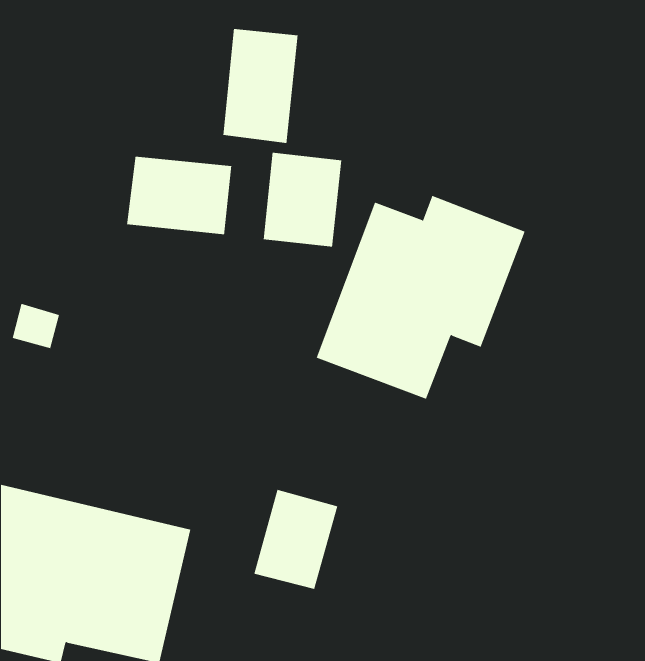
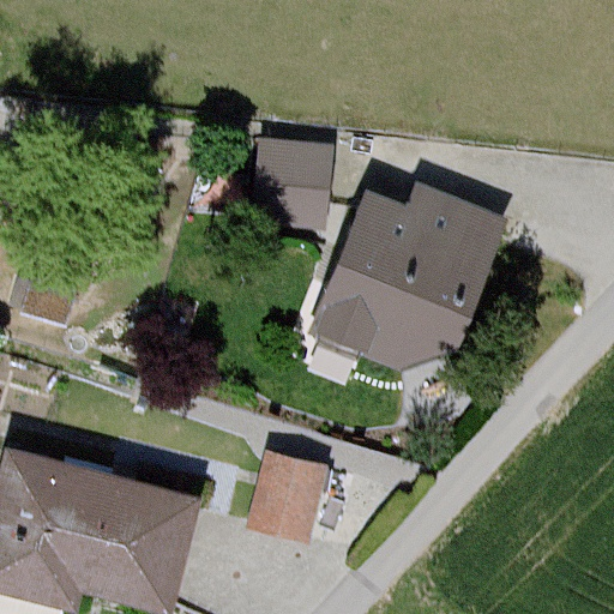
building: [223,28,298,144] -> none
building: [127,156,232,235] -> none

